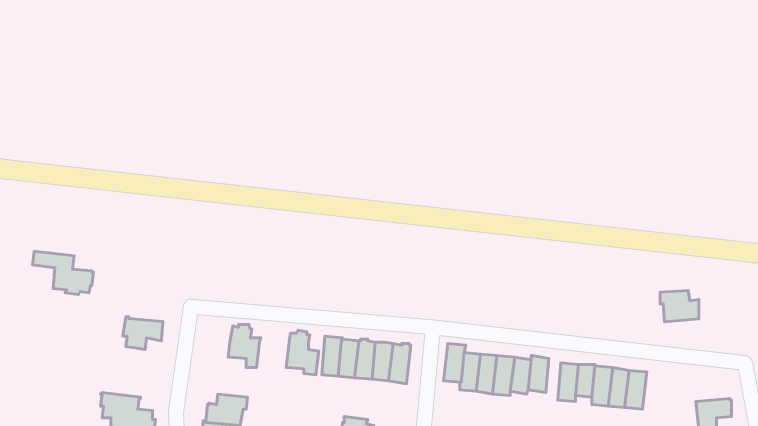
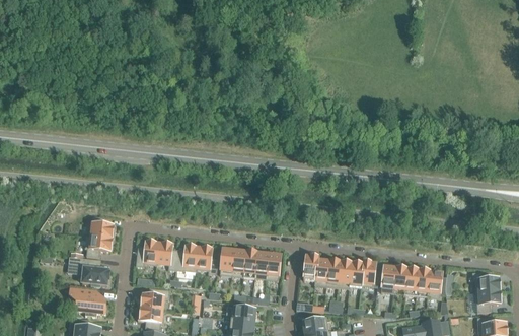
building: [33,251,93,294] -> [68,256,109,285]
building: none -> [88,215,116,239]
building: [660,291,699,322] -> [472,271,499,292]
building: none -> [136,240,159,266]
building: none -> [175,242,199,271]

